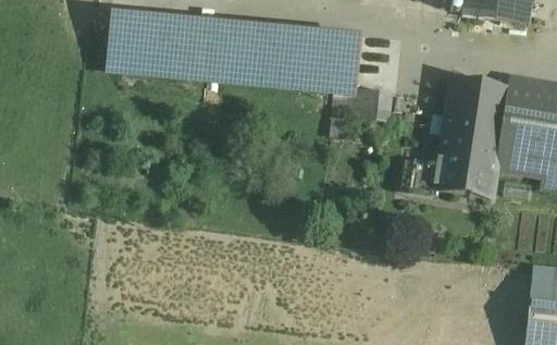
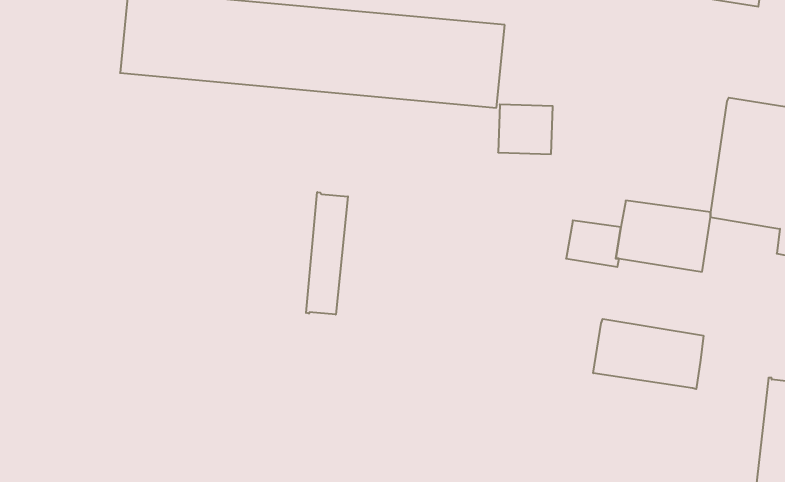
building: [441,78,507,159] -> none
building: none -> [306,192,348,315]
building: none -> [593,319,703,389]

